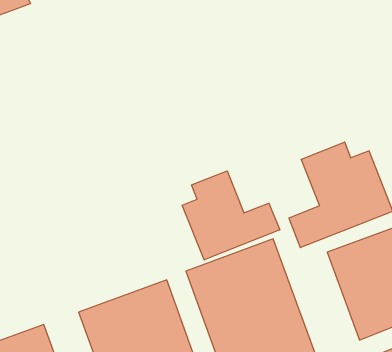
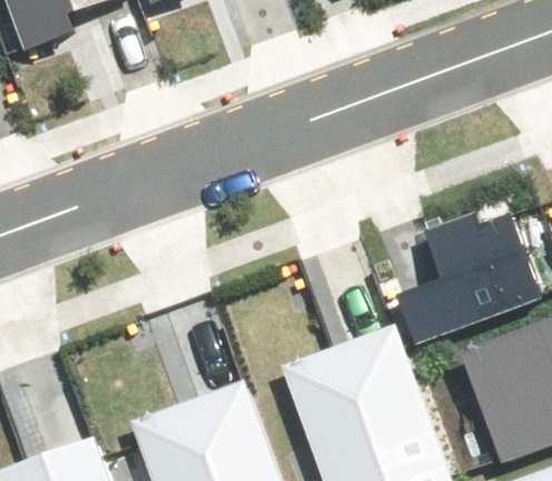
building: [182,171,280,260] -> none

